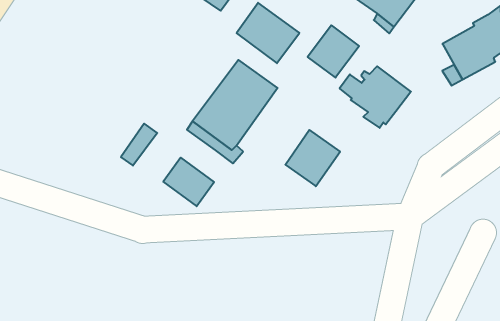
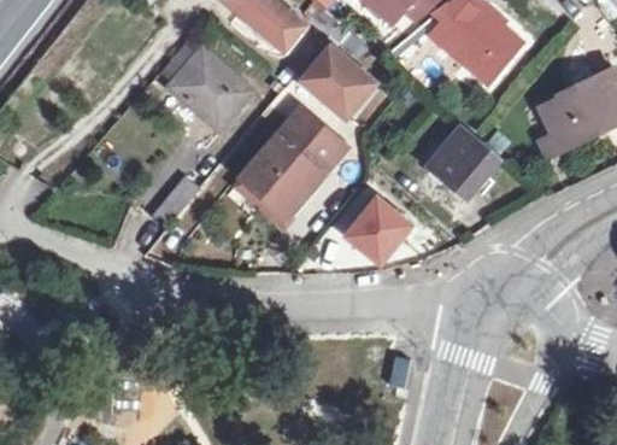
building: none -> [169,41,252,122]
building: [308,25,359,78] -> none
building: [163,158,214,206] -> none

